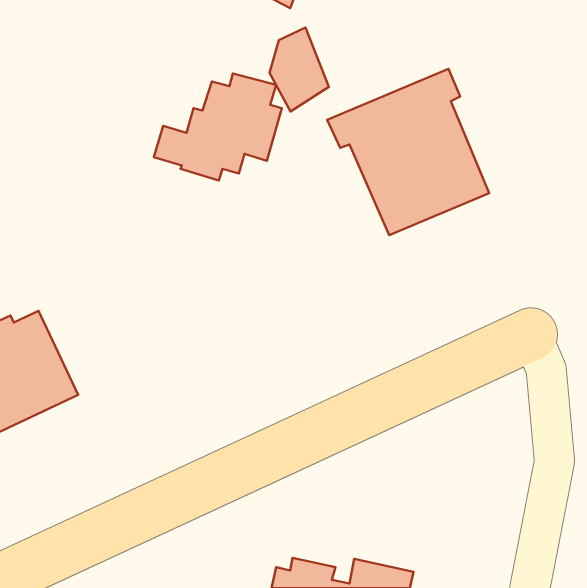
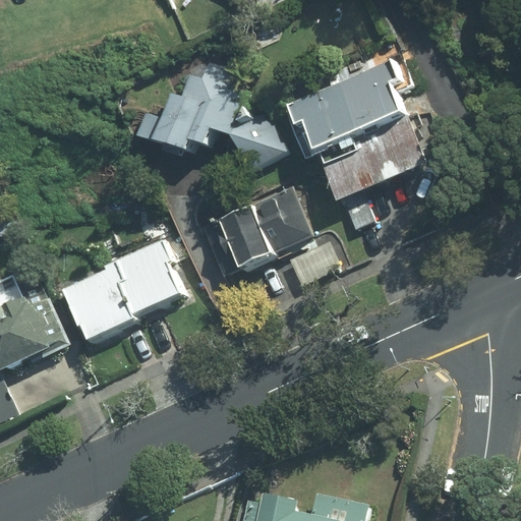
building: [269,28,329,111] -> [233,101,285,174]
building: none -> [200,186,314,281]
building: none -> [60,237,182,345]

